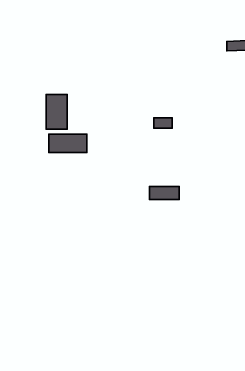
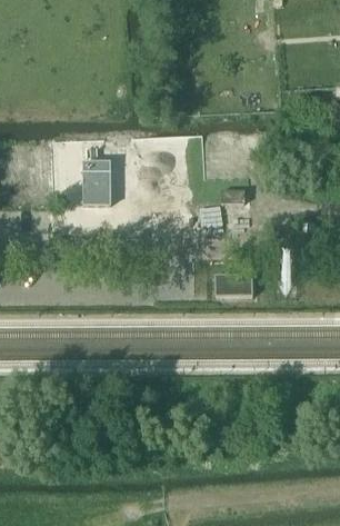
building: [49,134,87,153] -> none

